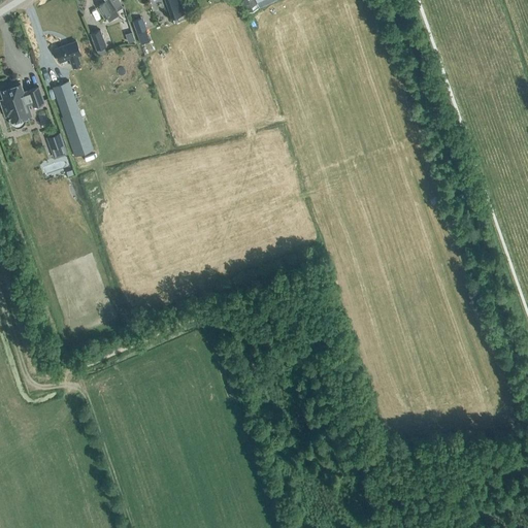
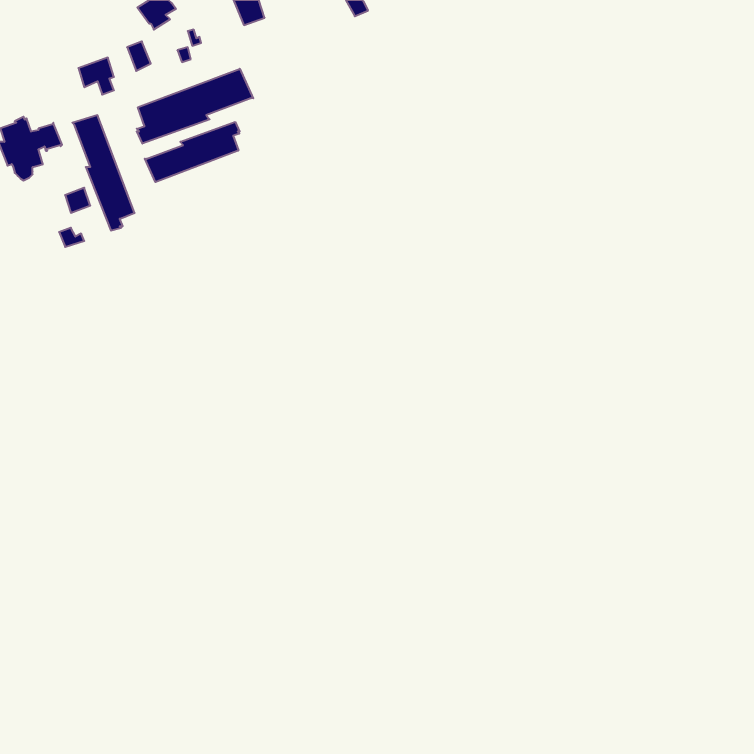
building: none -> [137,69,253,144]
building: none -> [145,122,240,182]

